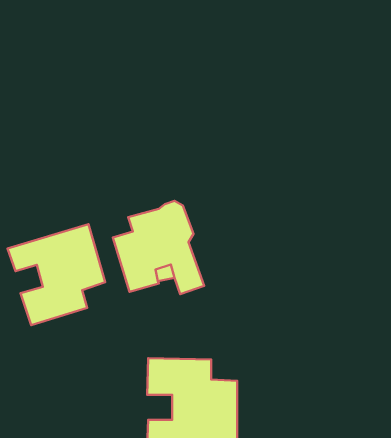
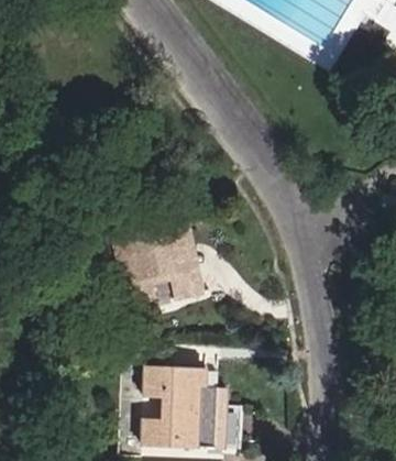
building: [8,224,105,325] -> none

